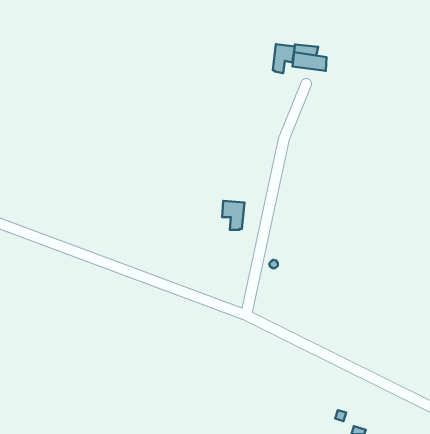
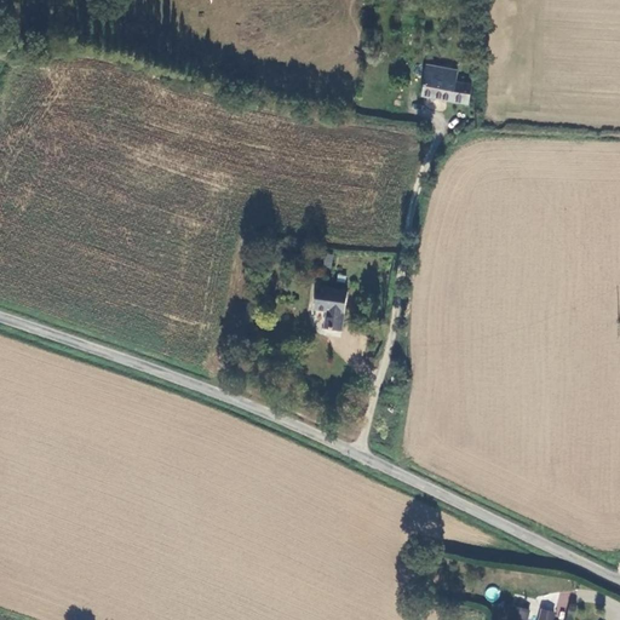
building: [273,44,295,73] -> none

